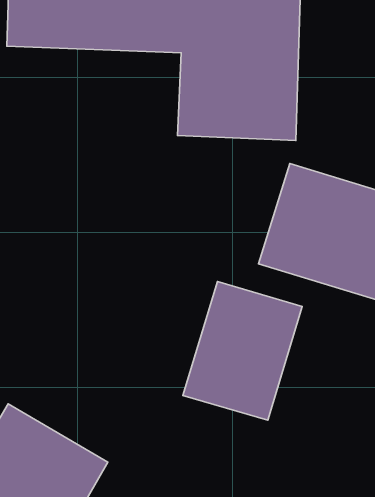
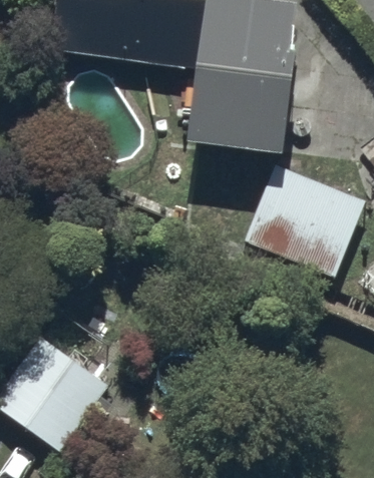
building: [183,282,302,420] -> none

